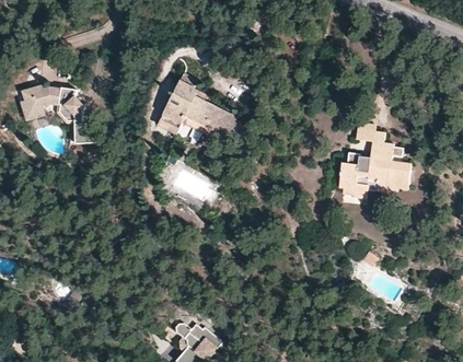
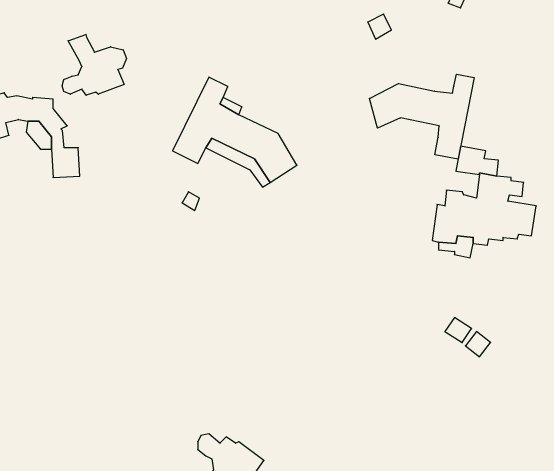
building: none -> [62,34,127,95]
building: none -> [369,74,474,159]

